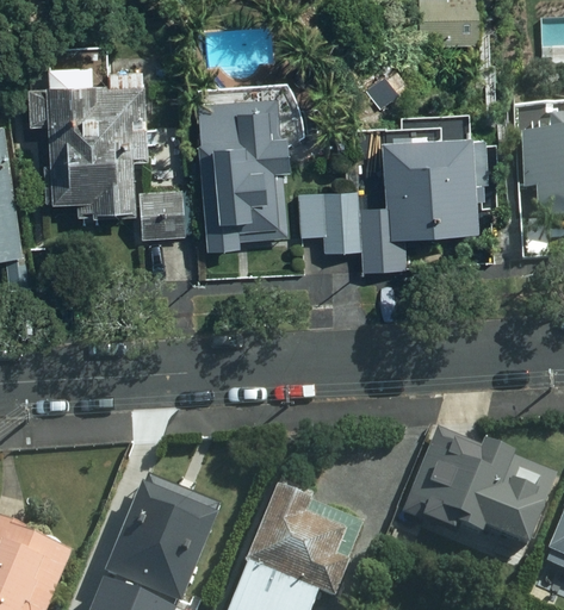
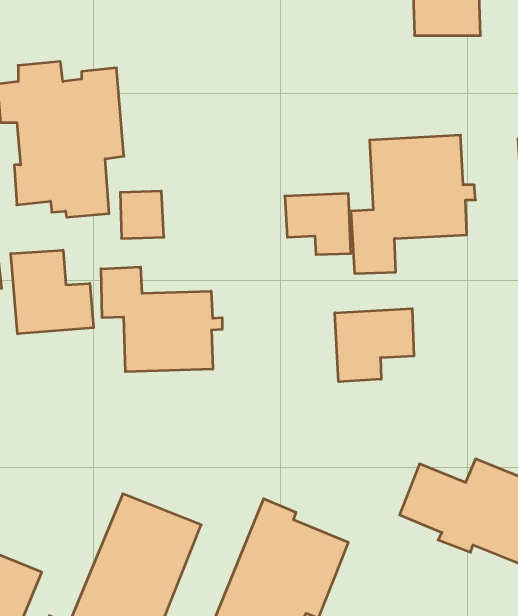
building: [194,98,287,249] -> none
building: none -> [11,250,94,334]
building: none -> [101,267,222,372]
building: none -> [335,309,414,382]

